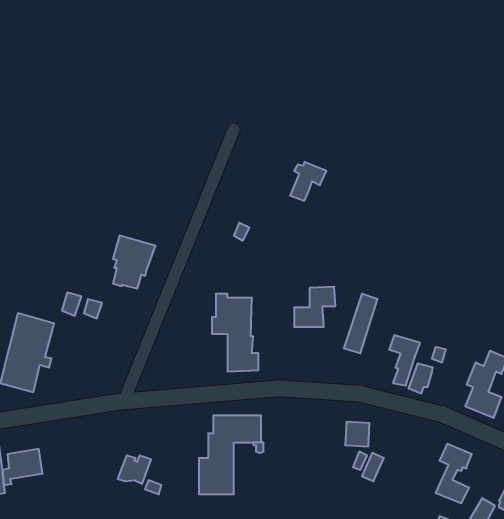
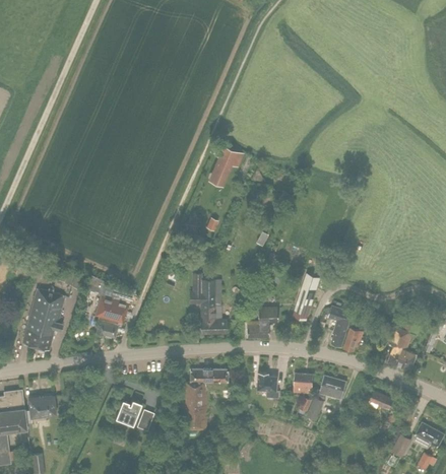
building: [290,162,326,201] -> [212,147,241,178]
building: [113,236,156,289] -> [95,295,129,337]
building: [294,287,335,327] -> [246,306,278,337]
building: none -> [256,373,278,400]
building: none -> [320,376,346,399]

